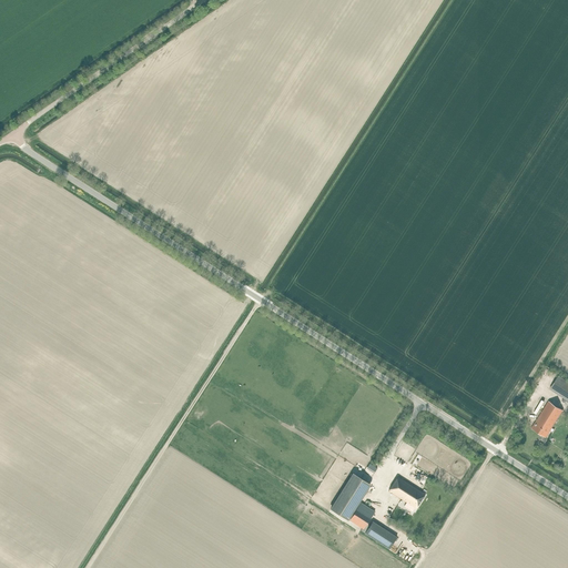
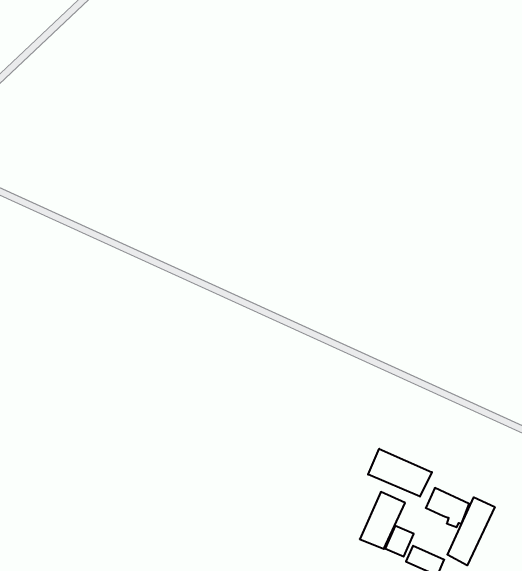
building: none -> [368,449,432,497]
building: none -> [447,497,495,565]

